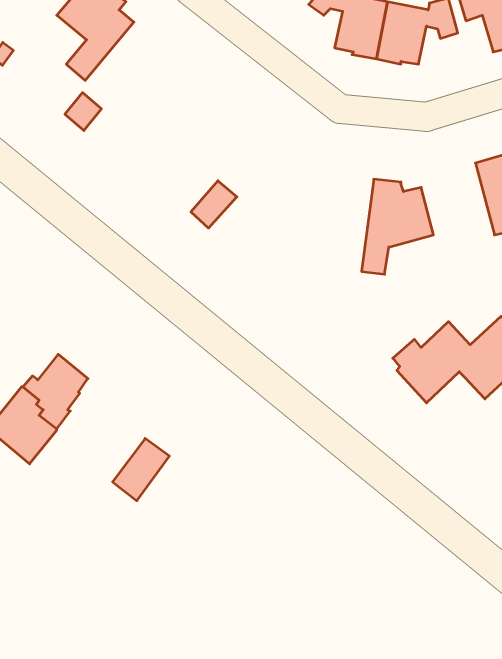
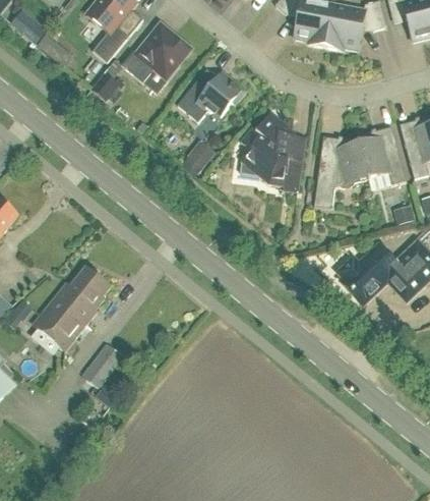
building: none -> [121,21,192,81]
building: none -> [177,71,244,121]
building: none -> [240,111,305,190]
building: none -> [359,125,406,183]
building: [113,438,169,501] -> [81,341,124,388]

